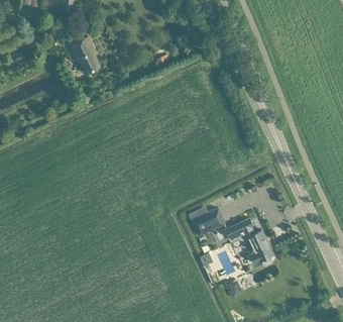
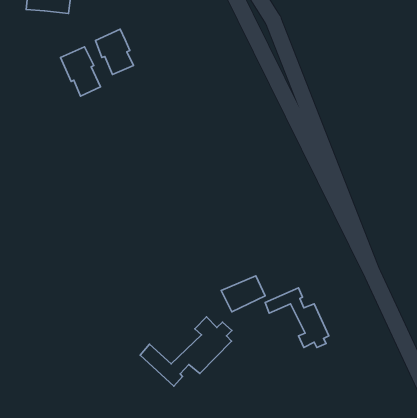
building: none -> [95,29,133,74]
building: none -> [140,317,232,386]

